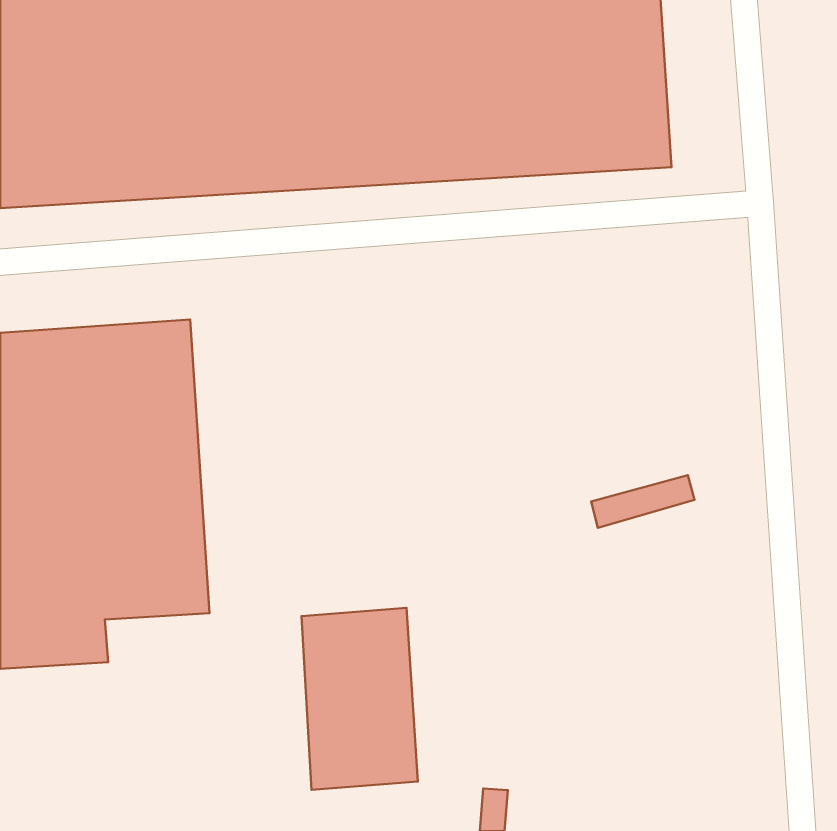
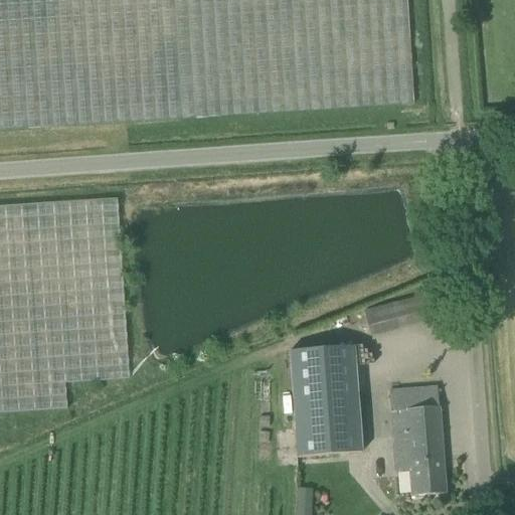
building: [302,608,418,790] -> [289,344,360,456]
building: none -> [388,385,445,495]

